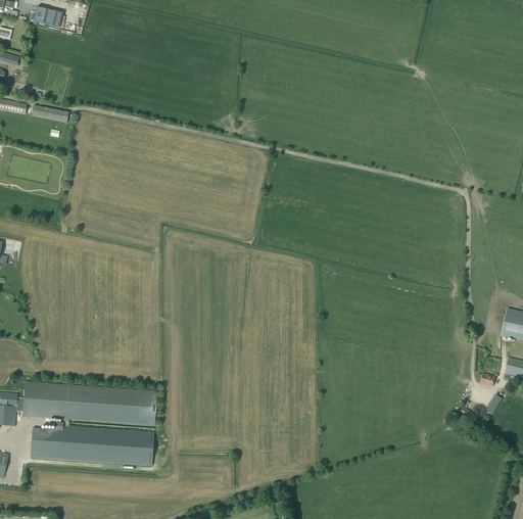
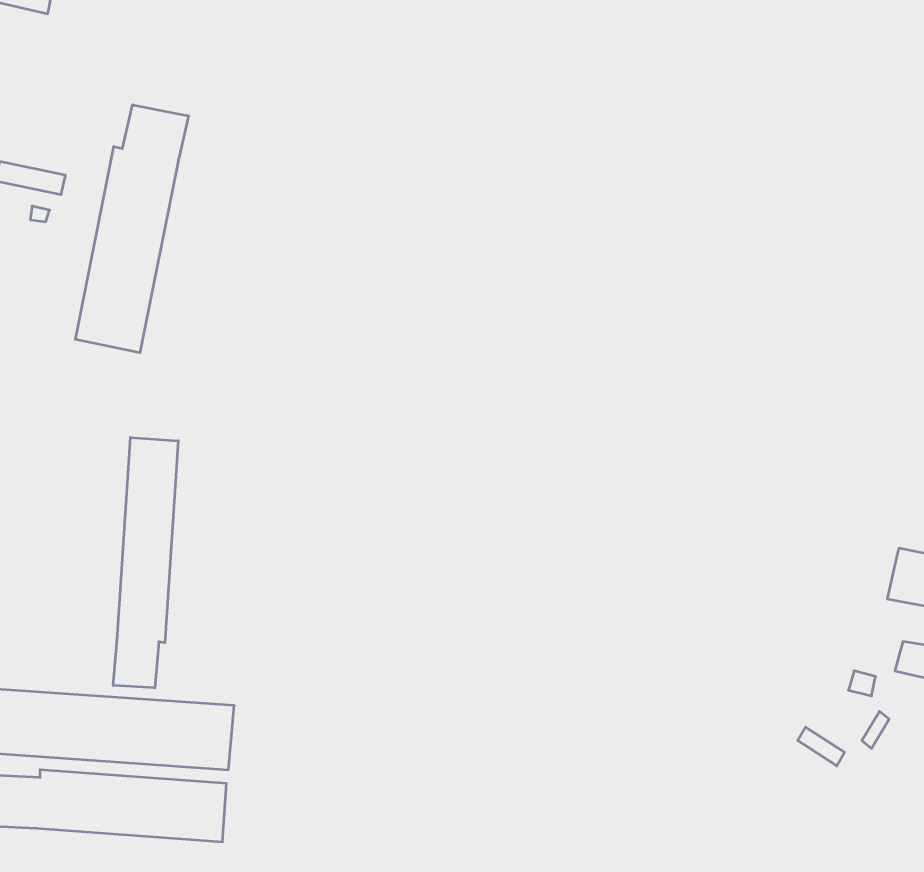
building: none -> [75,105,188,353]
building: none -> [113,437,178,688]

